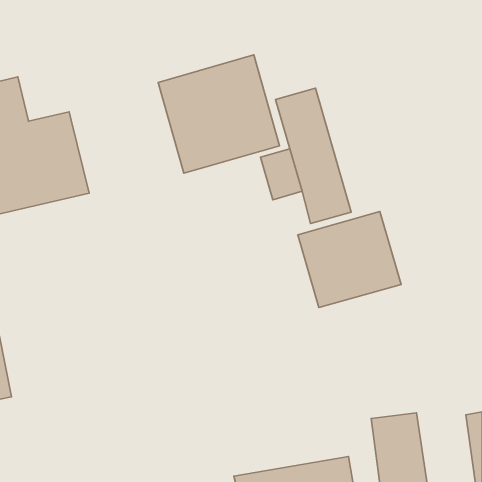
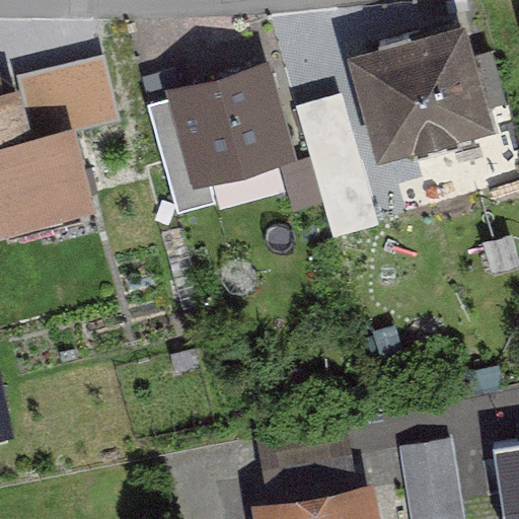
building: none -> [346,28,492,167]
building: none -> [16,53,119,132]
building: [298,212,401,308] -> none

